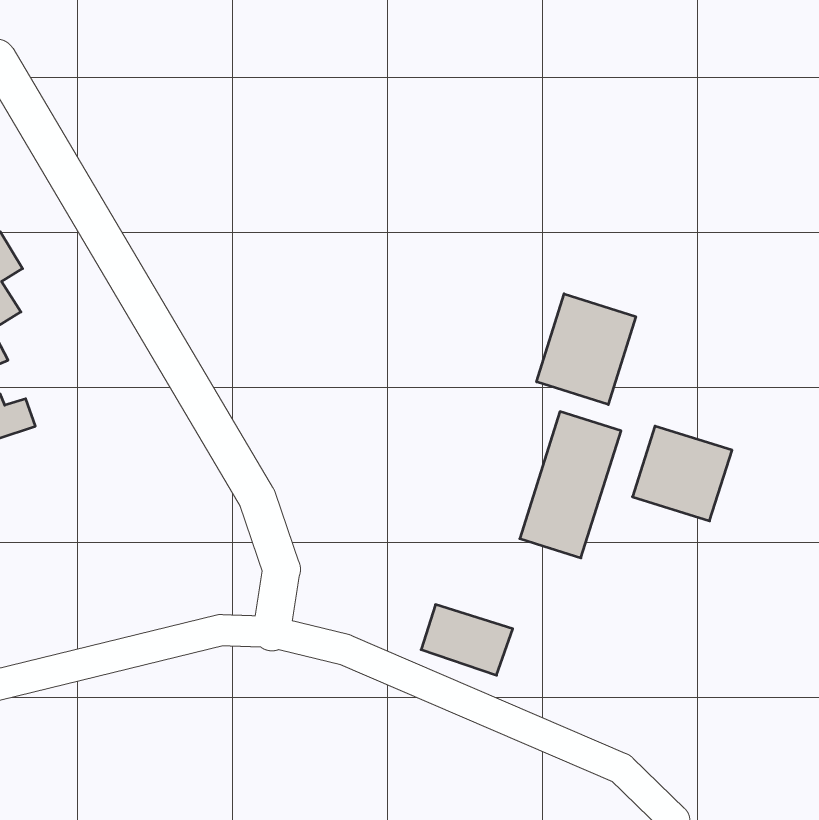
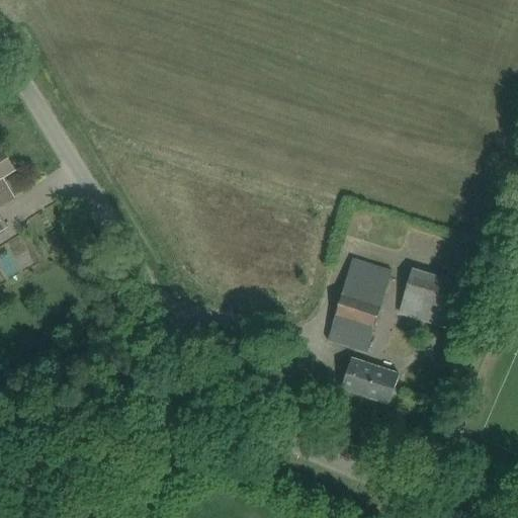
building: [537,294,636,405] -> none
building: [421,605,513,675] -> [341,358,399,403]

